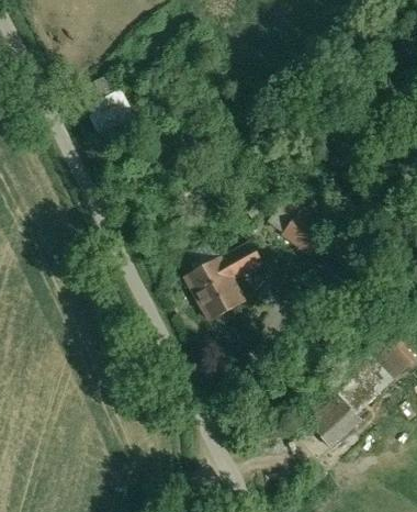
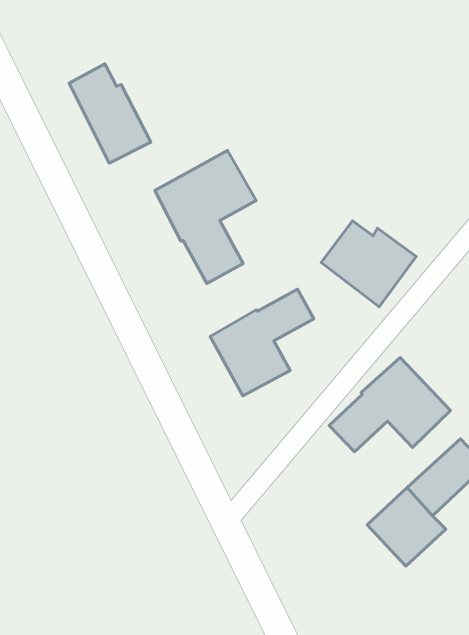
building: none -> [155,150,256,283]
building: none -> [329,357,450,452]

